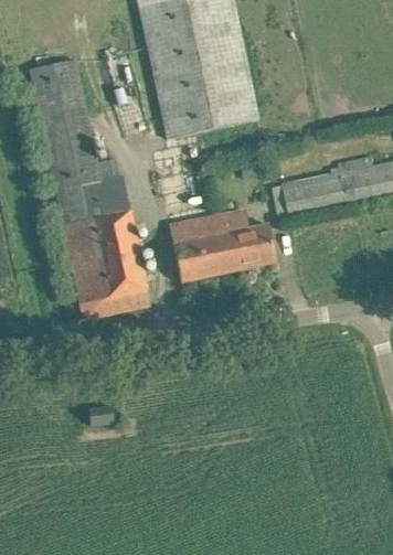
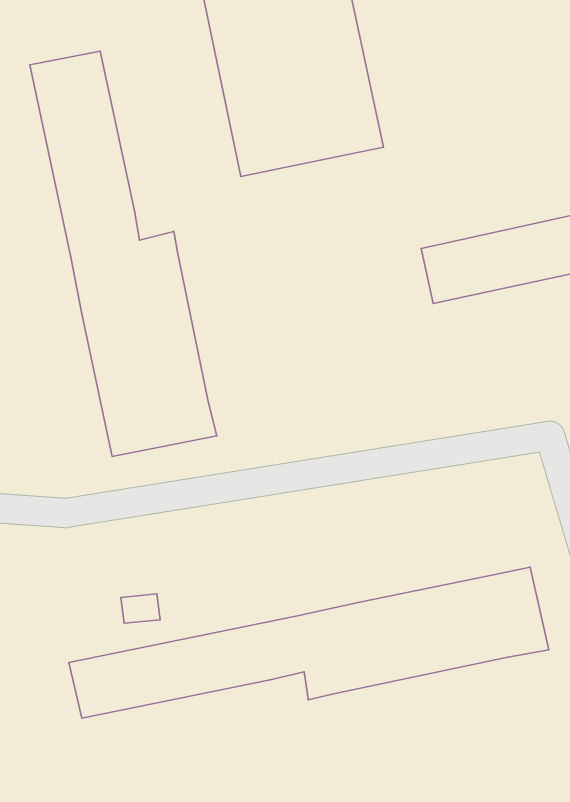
building: [169,209,276,280] -> none
building: none -> [69,567,549,718]

